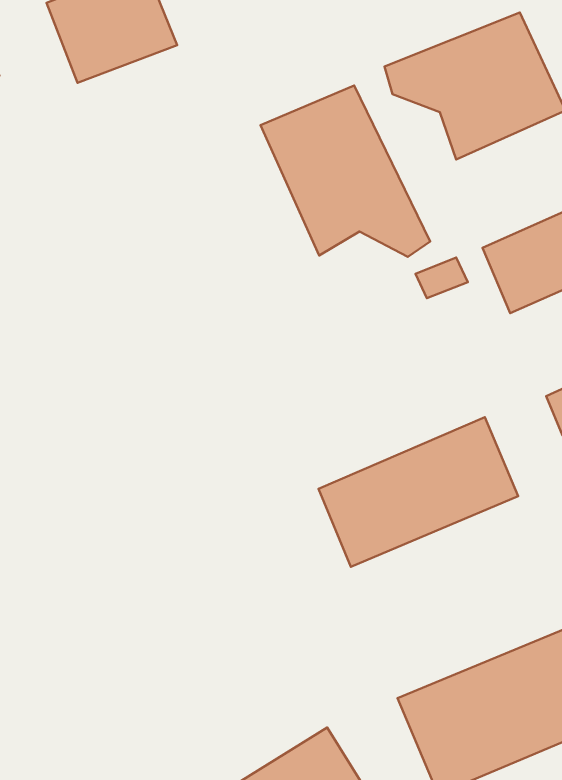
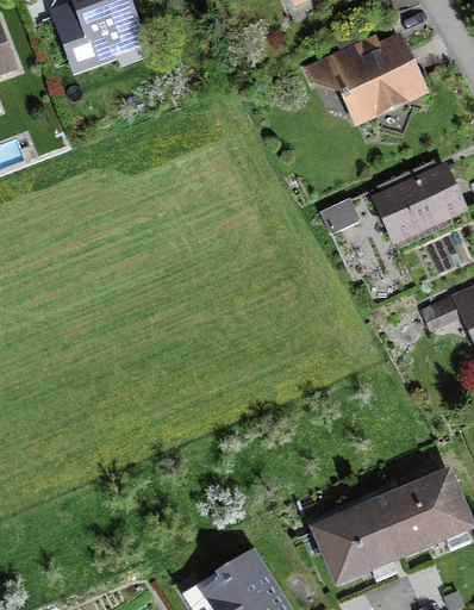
building: [261,85,430,257] -> none
building: [319,417,518,567] -> none

